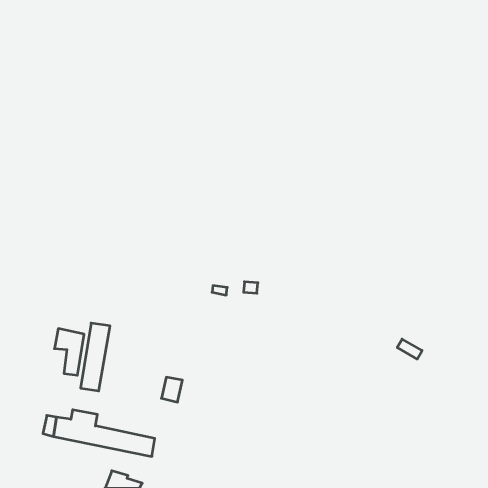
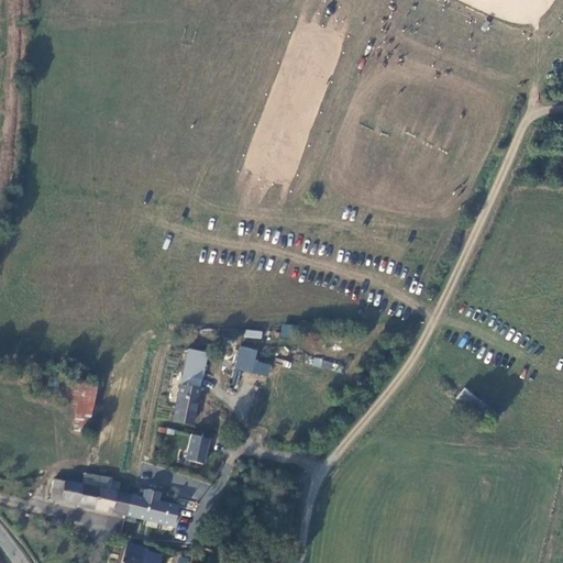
building: none -> [235,346,271,374]
building: [81,323,110,391] -> [174,347,208,426]

